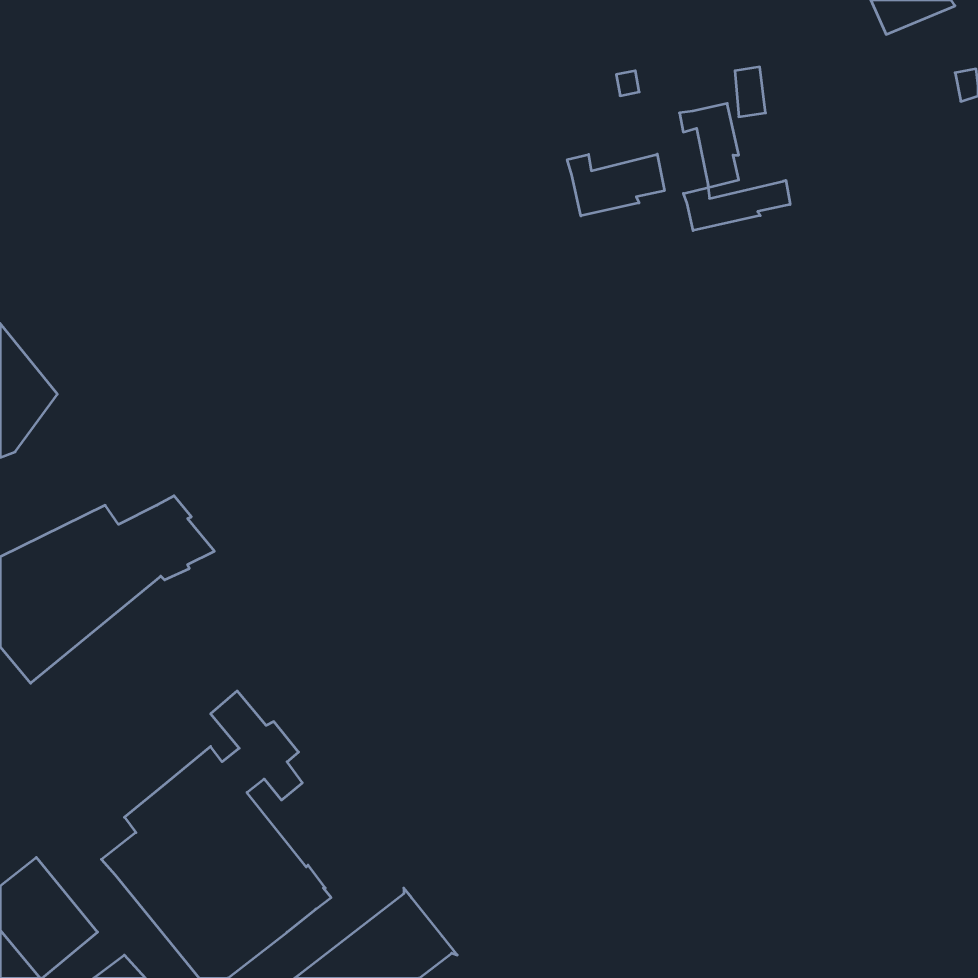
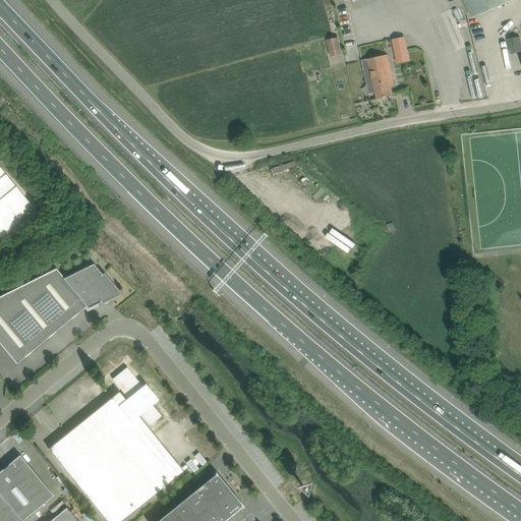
building: [567,154,664,216] -> none
building: [683,180,790,231] -> none

